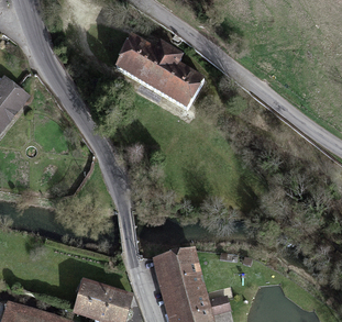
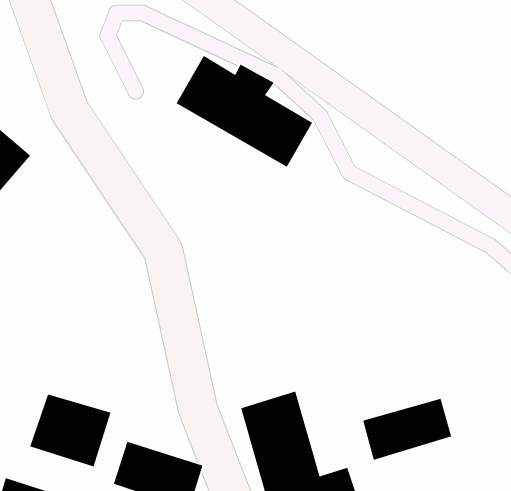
building: none -> [29,393,111,468]
building: none -> [362,398,452,461]

